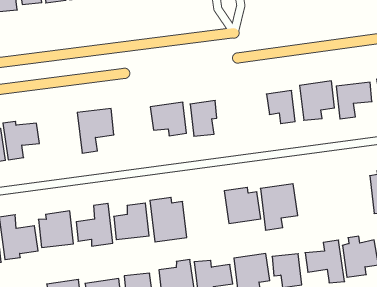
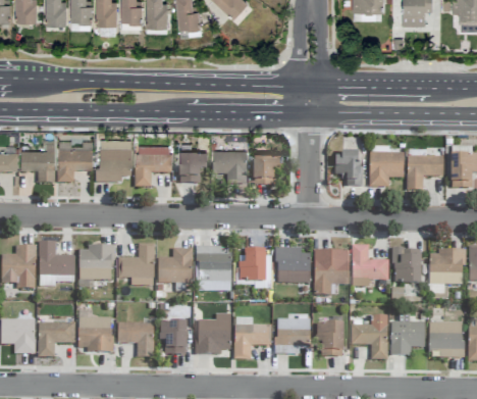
building: none -> [98,138,131,182]
building: none -> [178,149,206,183]
building: none -> [392,248,422,284]
building: none -> [352,244,388,286]
building: none -> [238,247,266,282]

